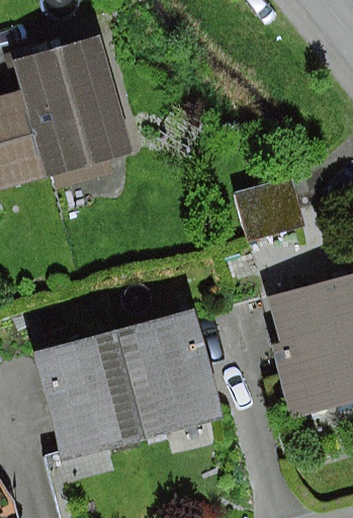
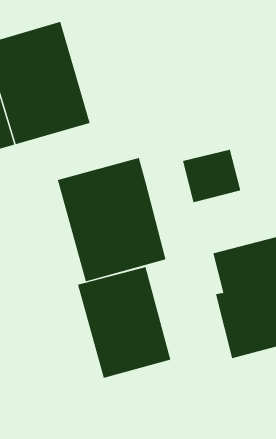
building: none -> [57,157,166,282]
building: [34,332,146,460] -> none

